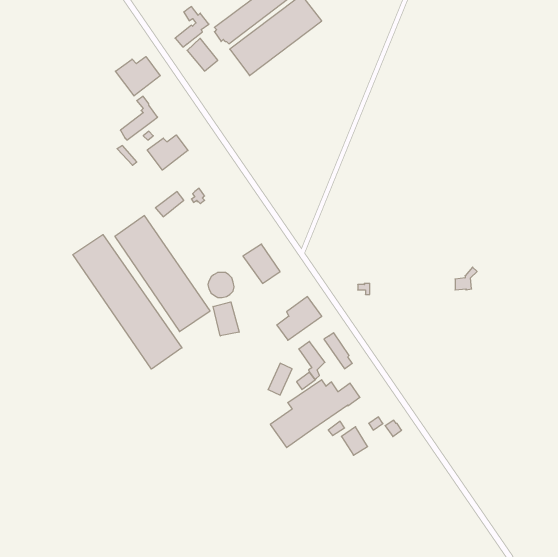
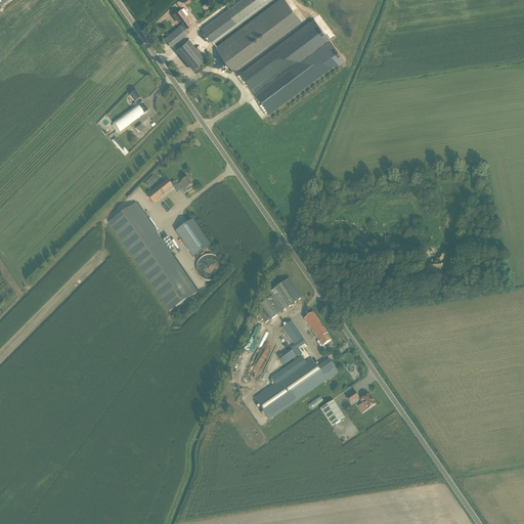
building: none -> [236,16,344,116]
building: [115,57,160,96] -> none
building: [147,135,188,170] -> none
building: [73,235,182,369] -> none
building: [243,244,280,283] -> [174,219,209,256]
building: [213,302,239,336] -> none

